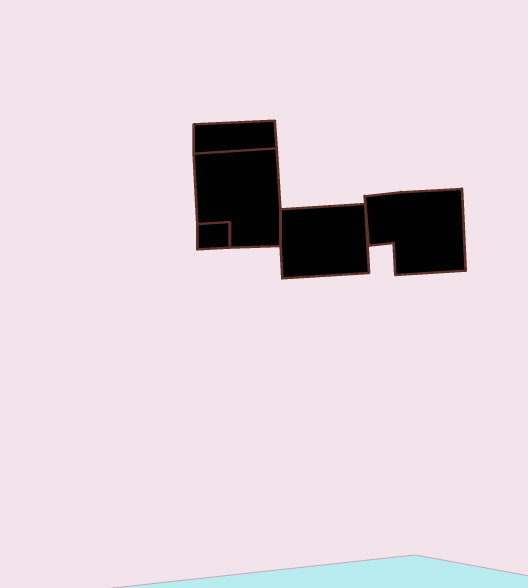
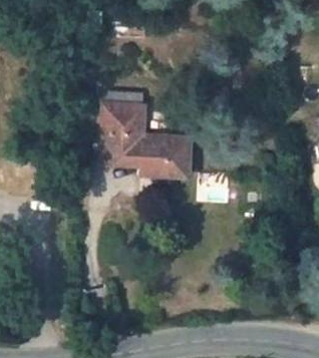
building: [365,189,466,275] -> none

